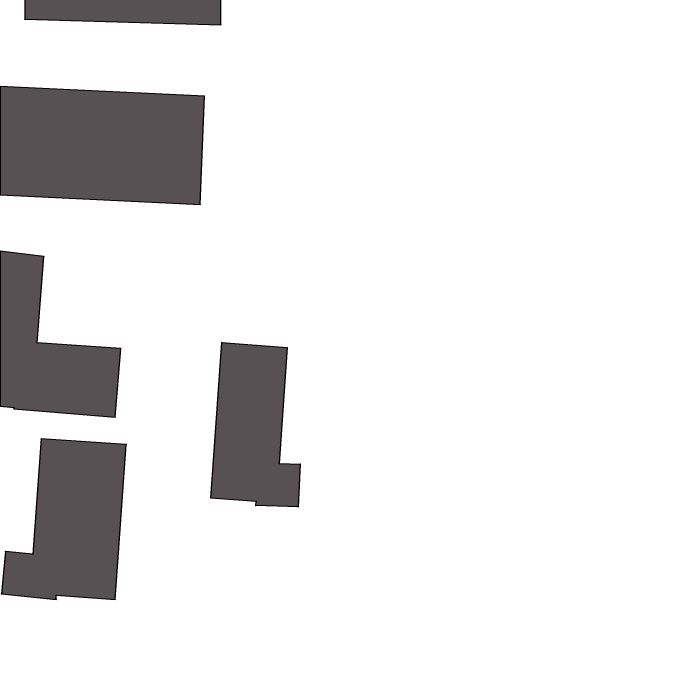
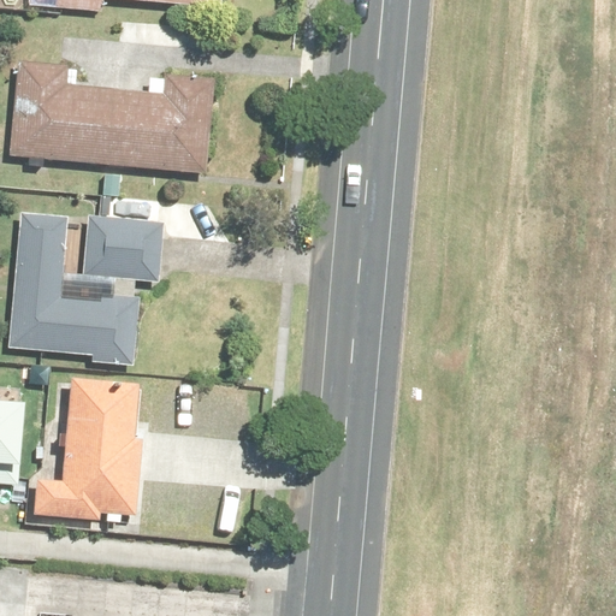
building: none -> [64,225,144,288]
building: [211,342,300,507] -> none

